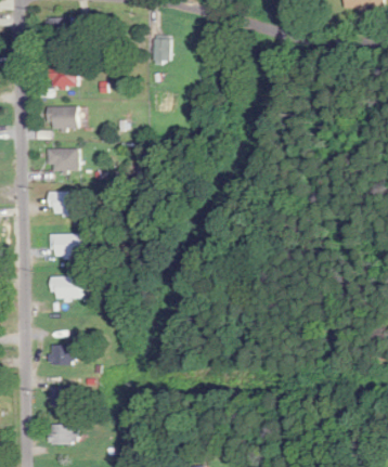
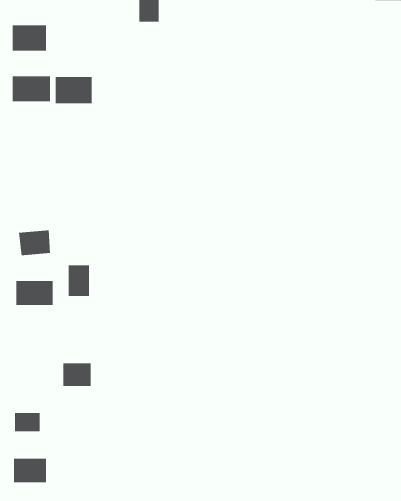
building: [47,148,78,171] -> [55,76,93,104]
building: [48,191,79,212] -> none
building: none -> [68,264,89,297]
building: [49,345,73,364] -> [63,363,91,386]

